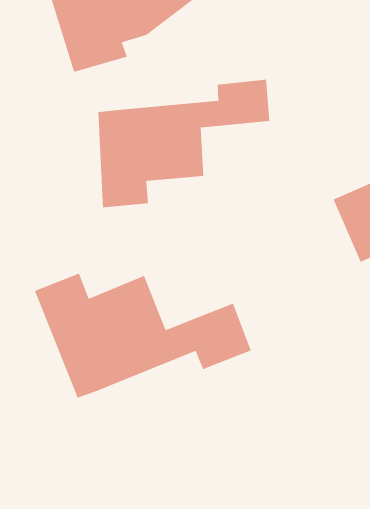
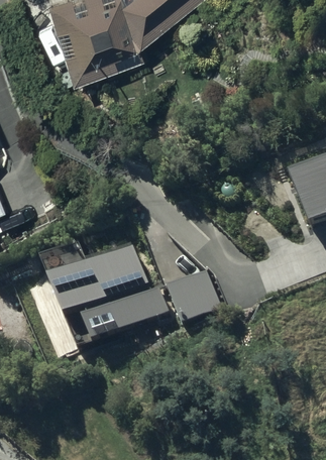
building: [97,79,270,208] -> none

